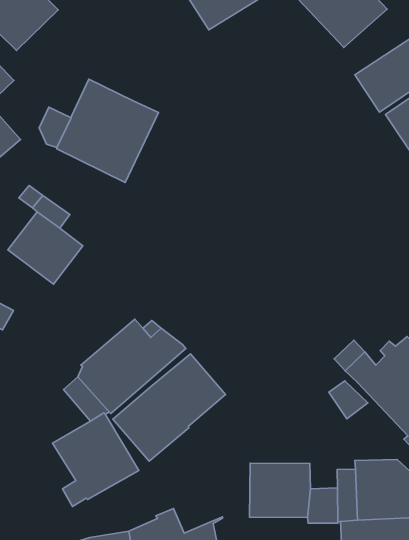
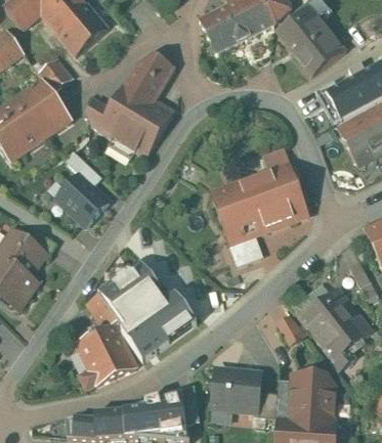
building: none -> [125,53,174,99]
building: none -> [210,164,307,265]

